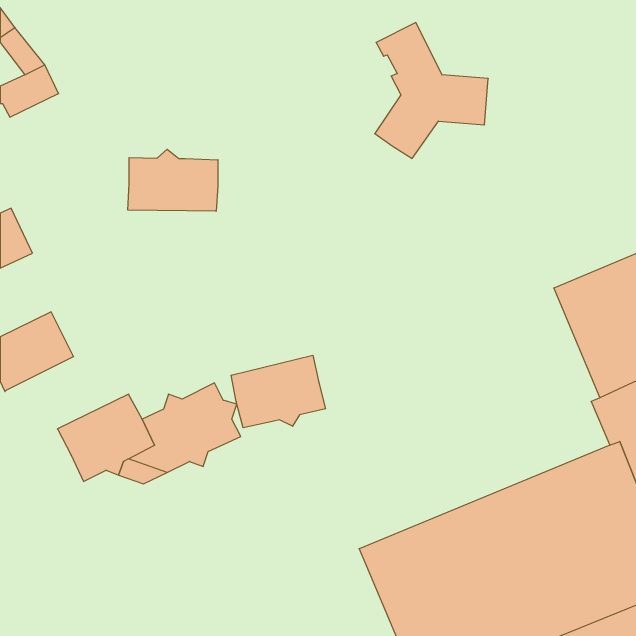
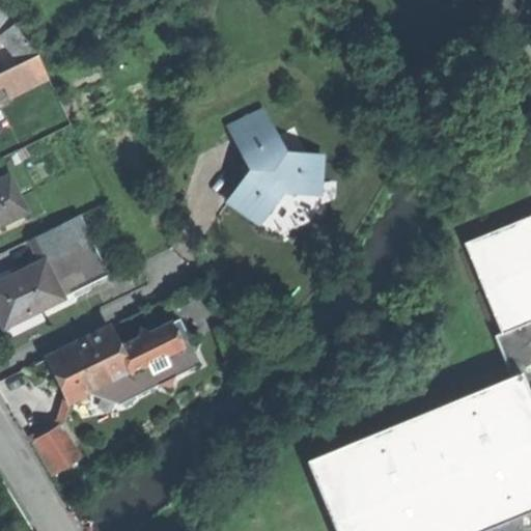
building: [375,23,488,158] -> [229,111,324,224]
building: [128,149,218,211] -> none
building: none -> [6,215,110,334]
building: [231,355,326,428] -> none
building: none -> [32,424,83,475]

